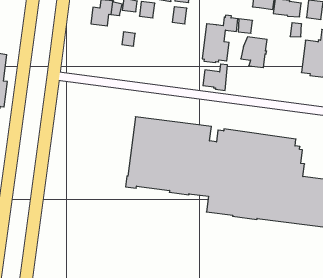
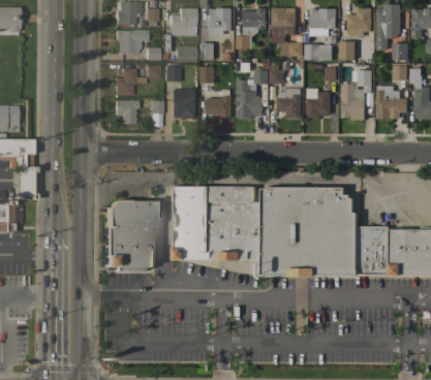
building: none -> [172,88,195,118]
building: none -> [116,99,137,123]
building: none -> [306,92,330,118]
building: [203,64,227,90] -> [207,90,230,117]
building: none -> [104,199,155,272]

